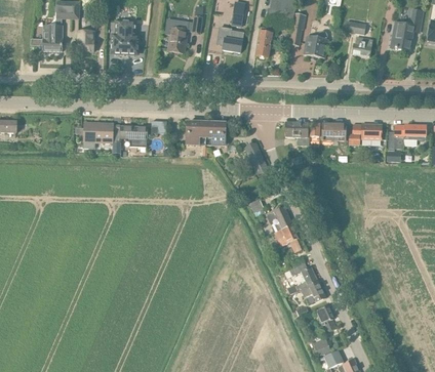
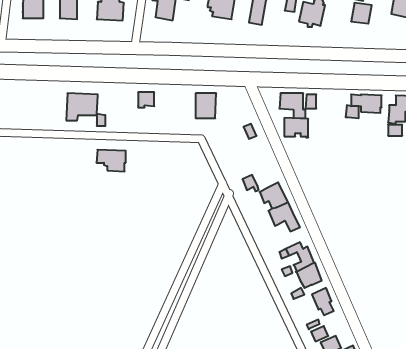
building: [186,120,205,144] -> none
building: [322,122,345,140] -> [284,118,308,137]
building: [119,125,147,146] -> [96,150,126,171]

